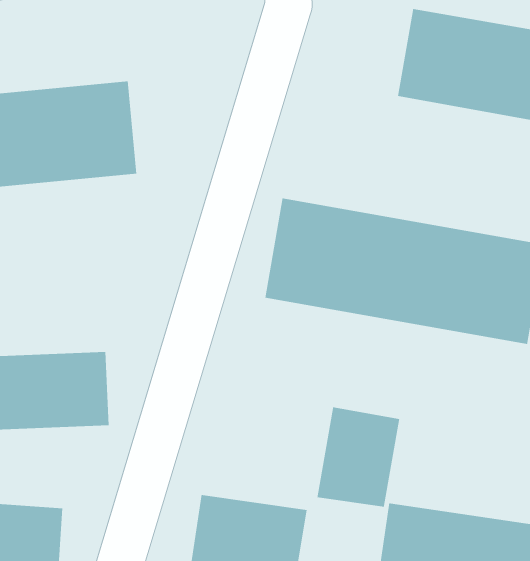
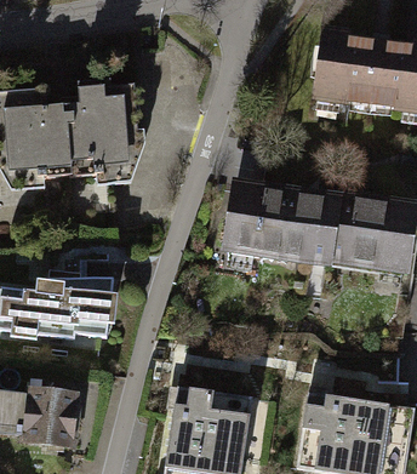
building: [317,407,400,508] -> none

